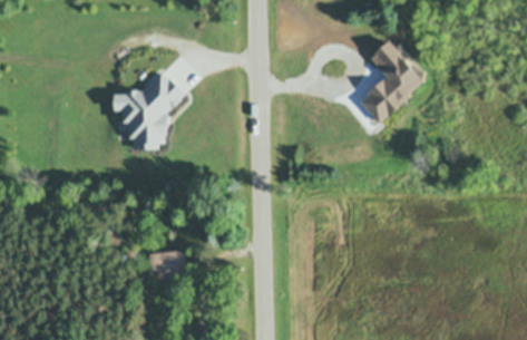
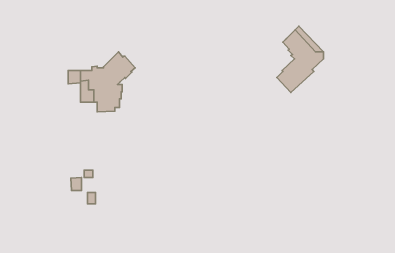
building: [148,250,186,279] -> none

